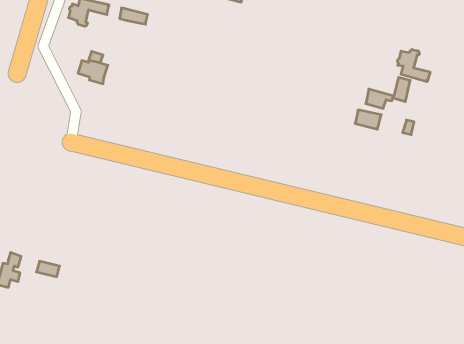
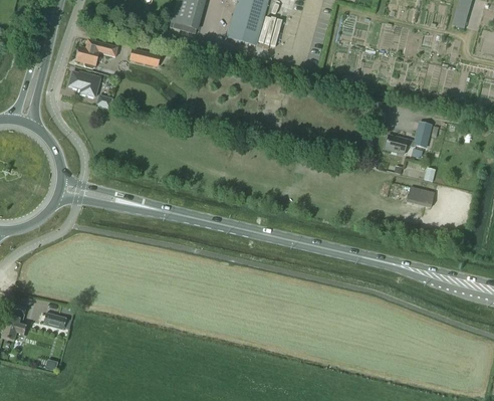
building: [398,49,430,82] -> none
building: [78,61,108,84] -> [69,71,100,95]
building: [355,110,381,129] -> [408,187,435,207]

